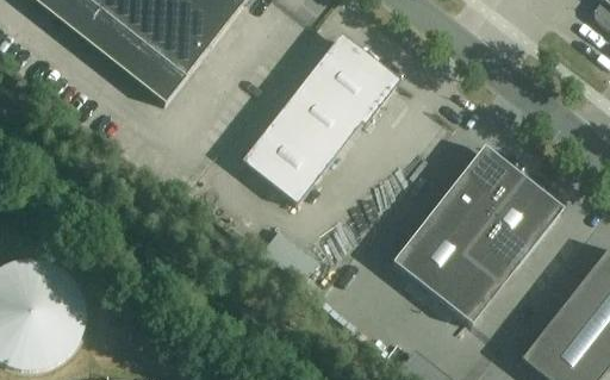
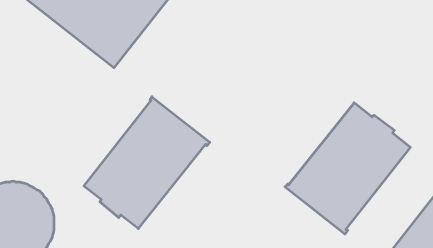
building: [242,35,399,203] -> none
building: none -> [84,97,210,229]

